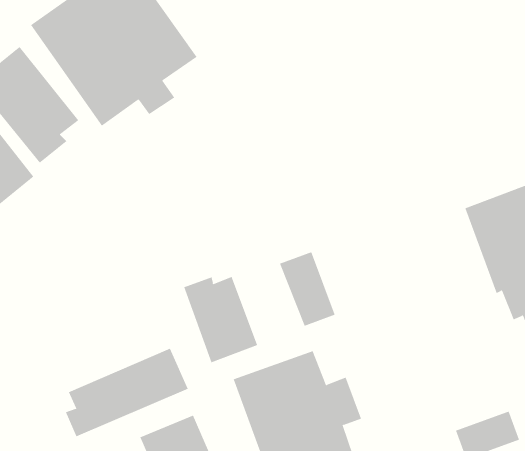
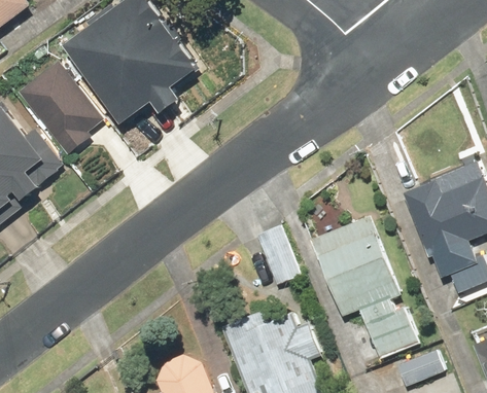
building: none -> [311,217,419,358]
building: [184,276,258,363] -> none
building: [65,348,188,437] -> none

